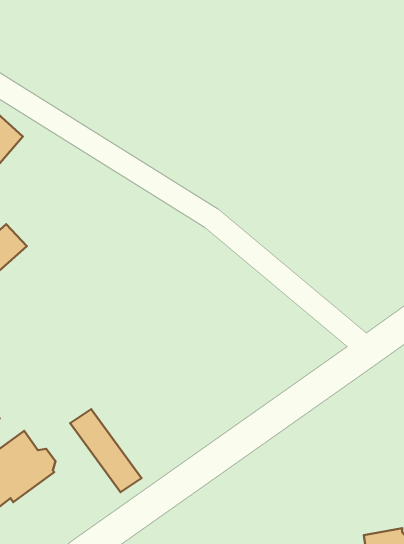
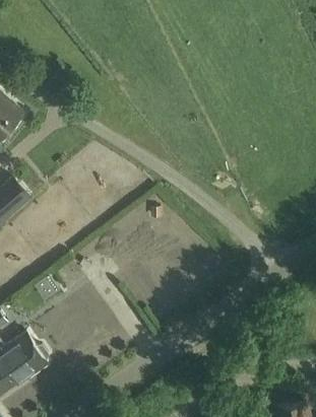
building: [70,409,142,492] -> none

